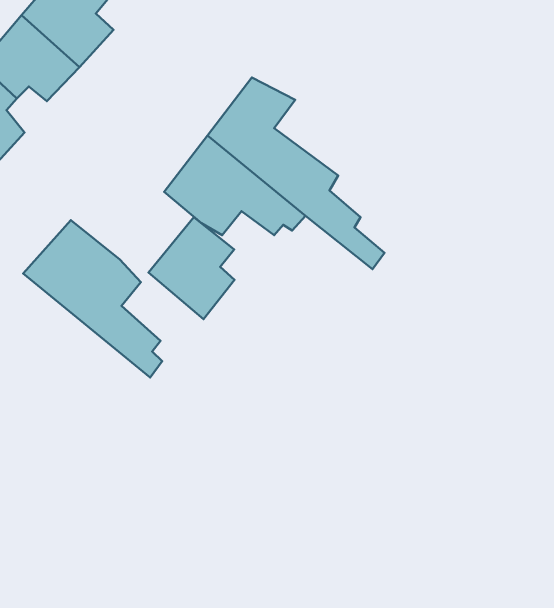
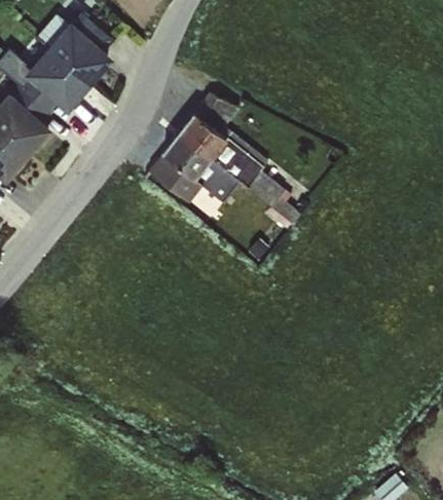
building: [148,217,235,319] -> none
building: [23,220,162,378] -> none

